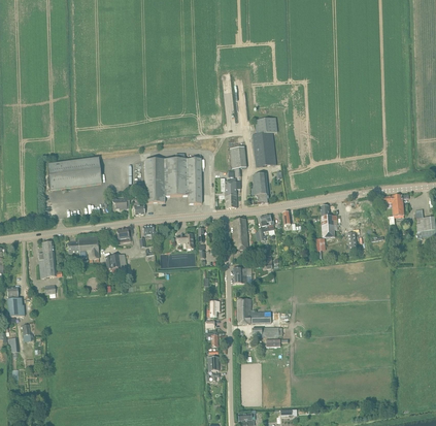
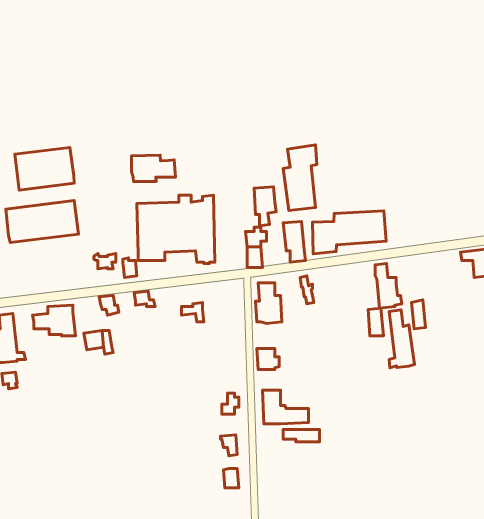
building: none -> [15,147,74,190]
building: none -> [131,155,175,182]
building: none -> [312,211,386,254]
building: none -> [389,310,415,368]

